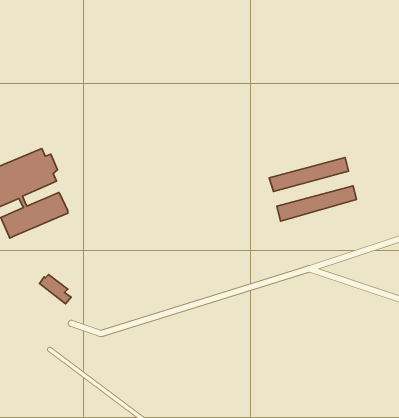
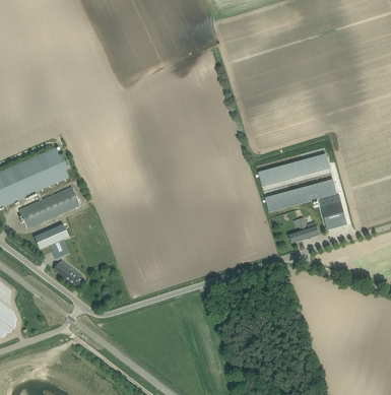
building: none -> [319,194,346,229]
building: none -> [288,217,319,243]
building: none -> [32,222,67,256]

